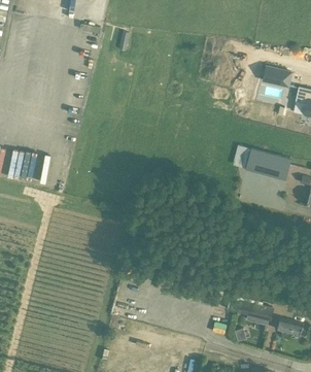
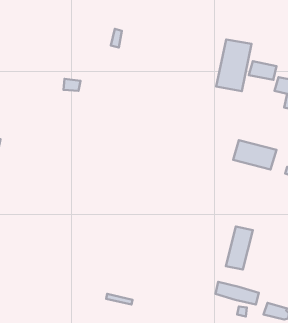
building: none -> [216,39,252,91]
building: none -> [226,227,253,270]

